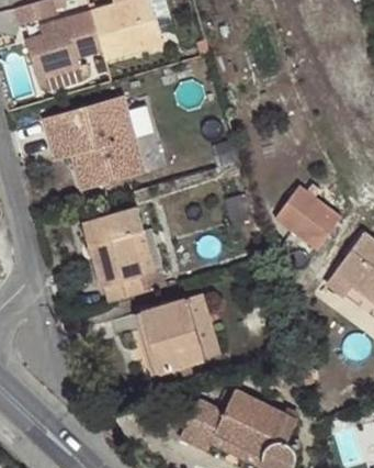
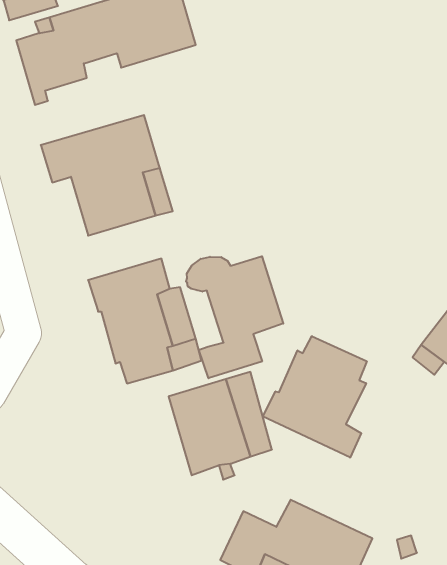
building: [274,187,340,249] -> none
building: none -> [186,256,283,378]
building: none -> [263,336,367,458]

